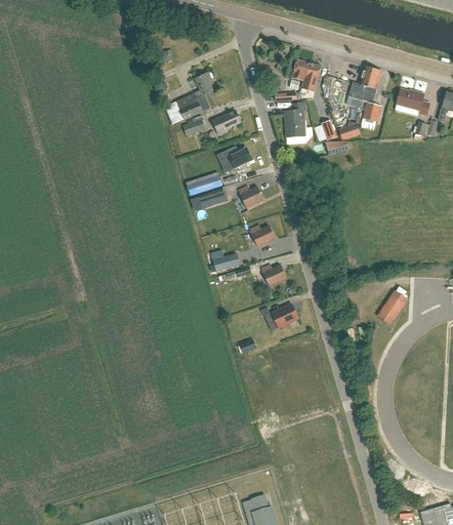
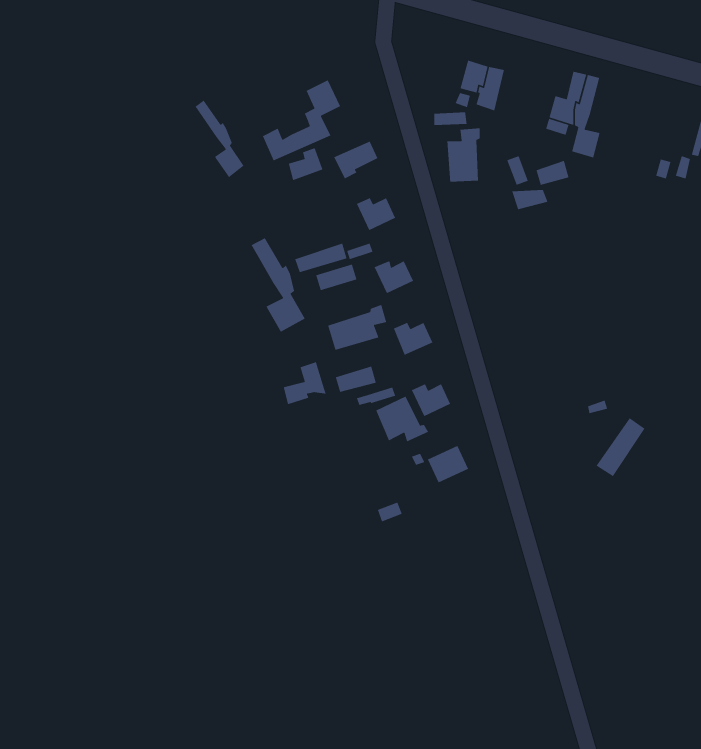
building: none -> [195,100,245,178]
building: [397,89,430,115] -> none
building: none -> [251,237,306,333]
building: none -> [327,304,387,351]
building: none -> [283,361,327,405]
building: none -> [375,396,429,442]

